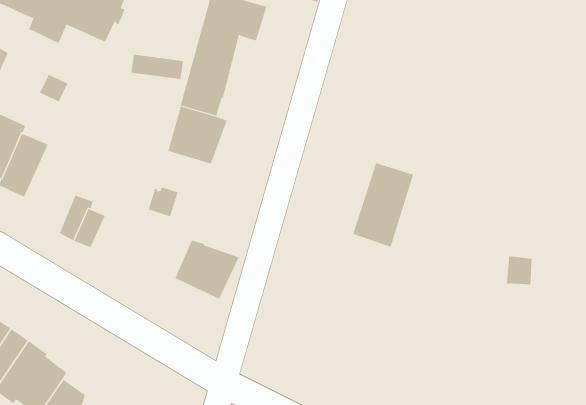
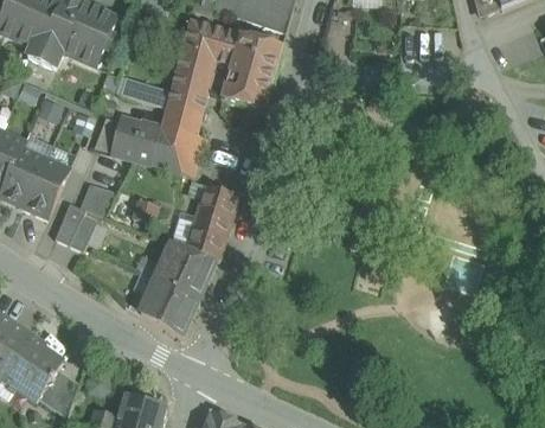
building: none -> [222,34,283,111]
building: none -> [110,117,162,164]
building: none -> [24,158,69,216]
building: [353,163,414,247] -> [185,184,239,260]
building: none -> [79,179,113,212]
building: none -> [142,277,198,333]

